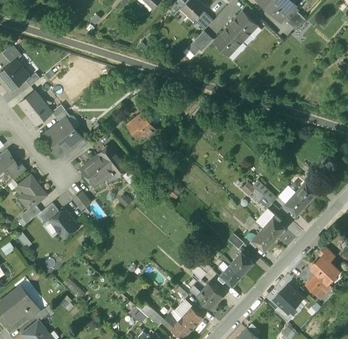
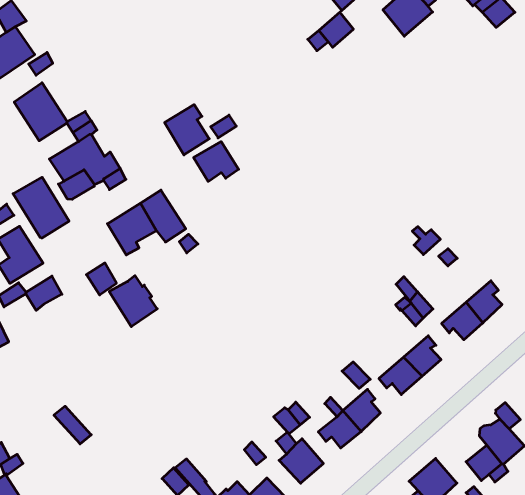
building: [213,27,242,56] -> none
building: none -> [165,105,209,155]
building: none -> [13,177,69,238]
building: [49,209,78,239] -> [109,276,157,327]

